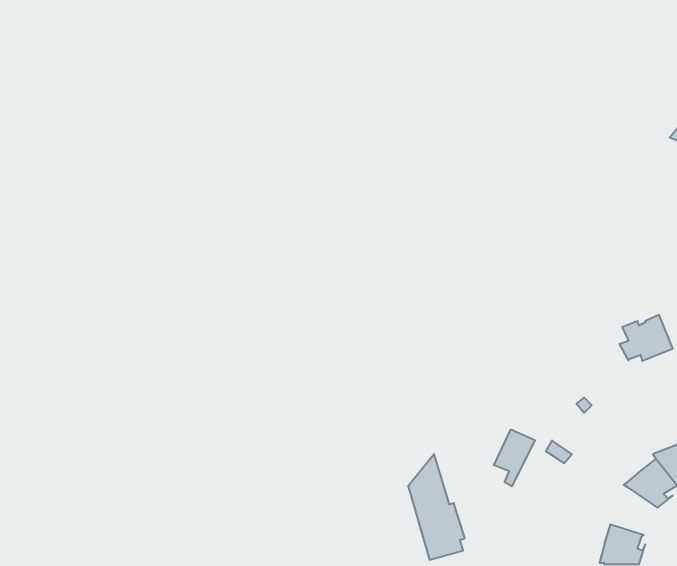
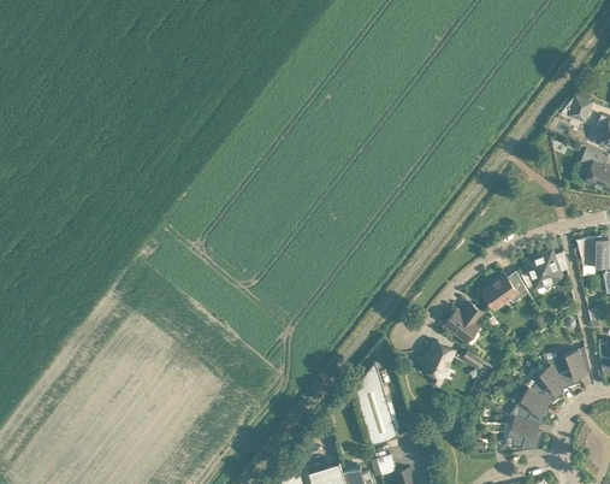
building: none -> [482,275,528,311]
building: none -> [445,306,484,344]
building: none -> [510,389,551,426]

